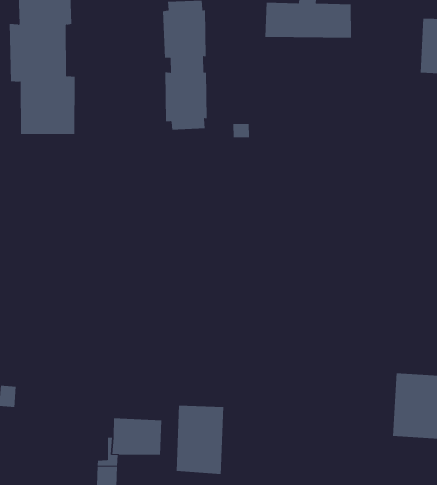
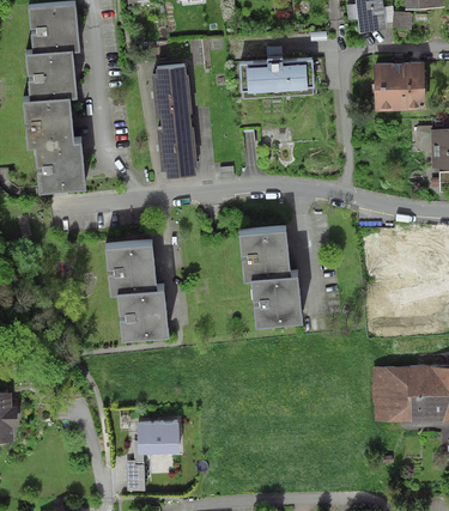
building: none -> [238,224,298,320]
building: none -> [105,239,170,334]
building: [176,405,224,475] -> none

